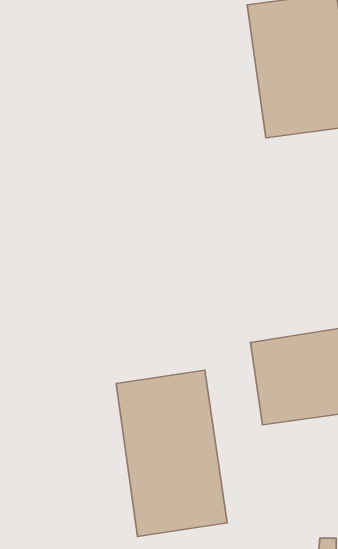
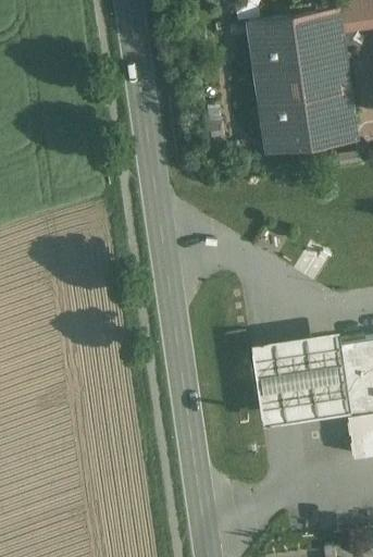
building: [116,370,227,537] -> none

